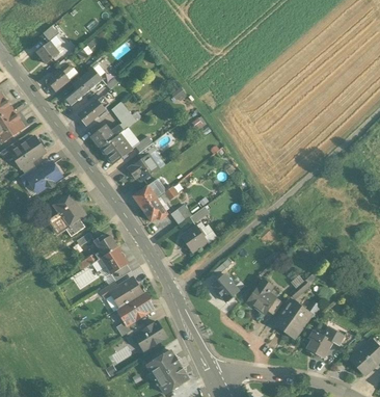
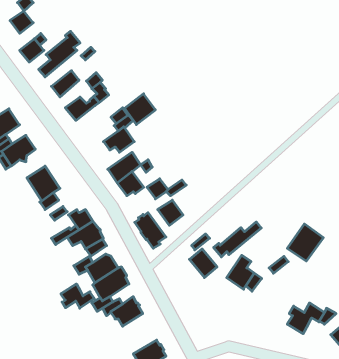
building: [101,134,131,164] -> [125,94,155,125]
building: none -> [135,213,166,248]
building: none -> [214,222,261,257]
building: [275,300,310,337] -> [287,224,323,261]
building: none -> [61,284,94,308]
building: [147,350,180,377] -> none

